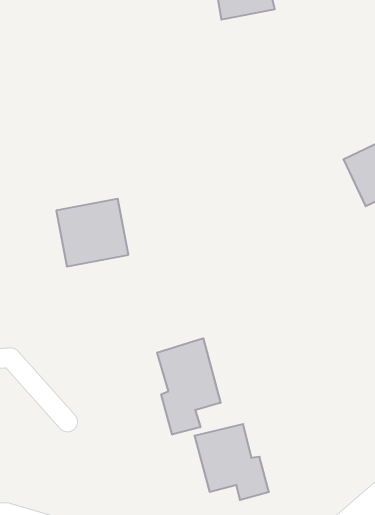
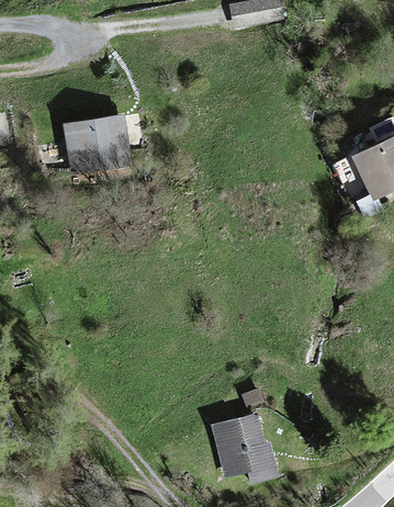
building: [56,199,128,266] -> [64,113,132,177]
building: [157,338,221,435] -> none

